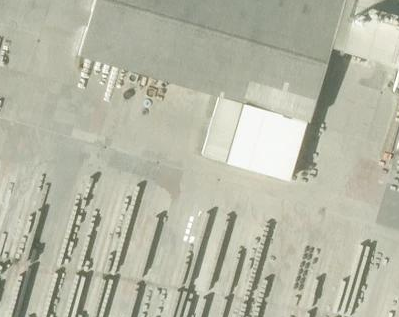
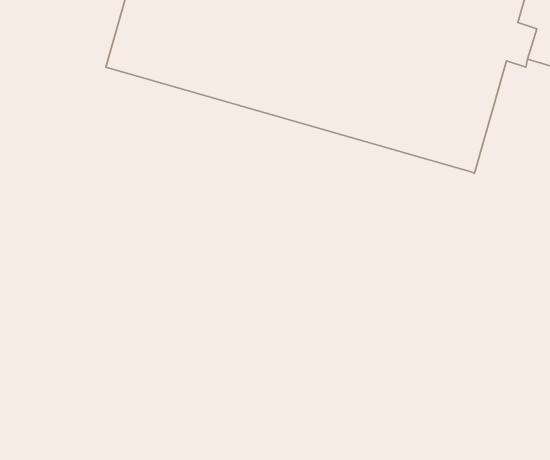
building: [204,95,308,180] -> none

